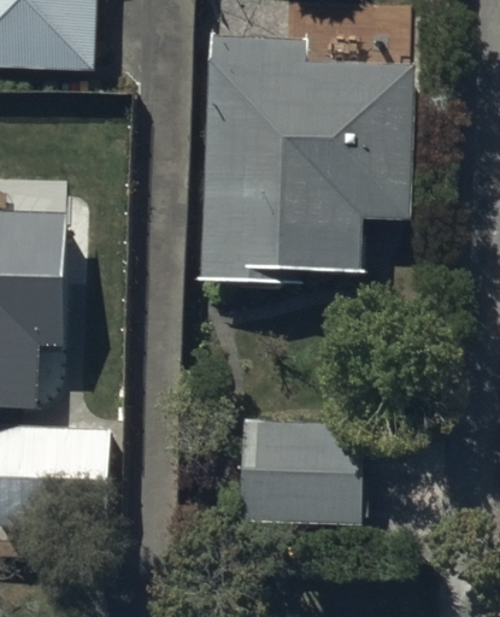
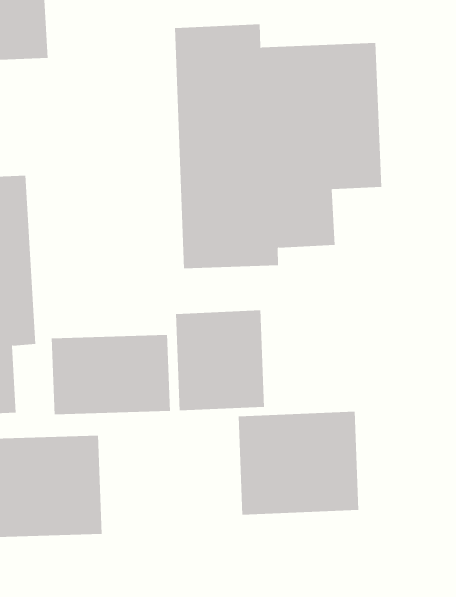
building: none -> [176,310,265,411]
building: none -> [51,334,170,415]

